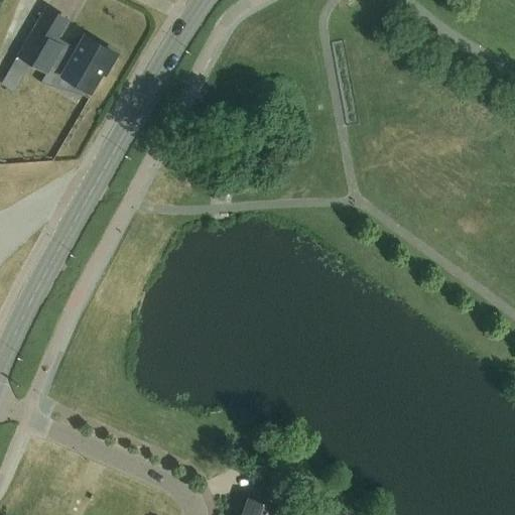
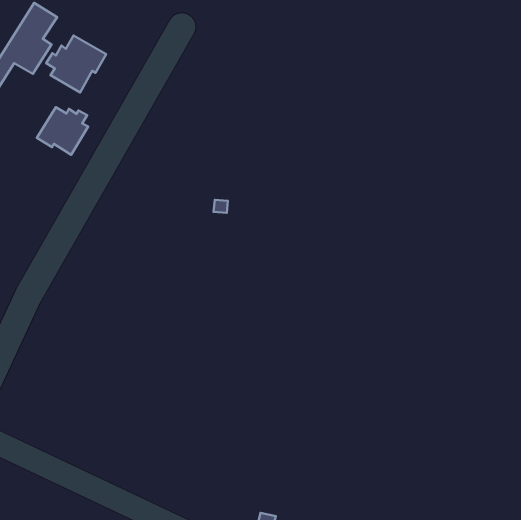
building: none -> [37,107,88,155]

